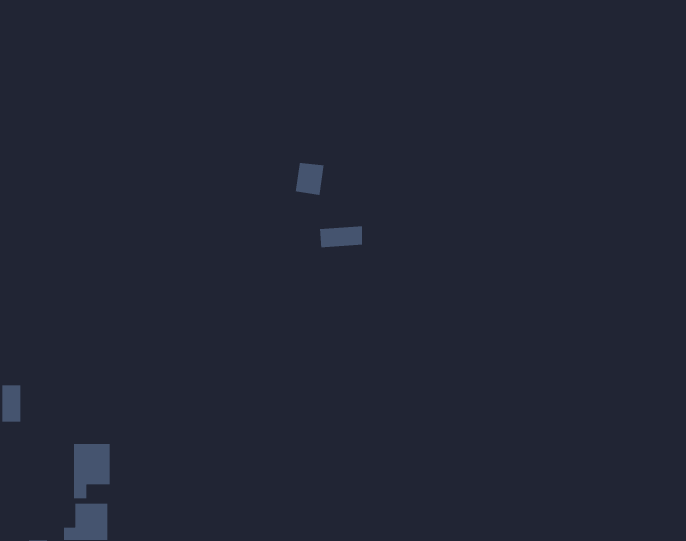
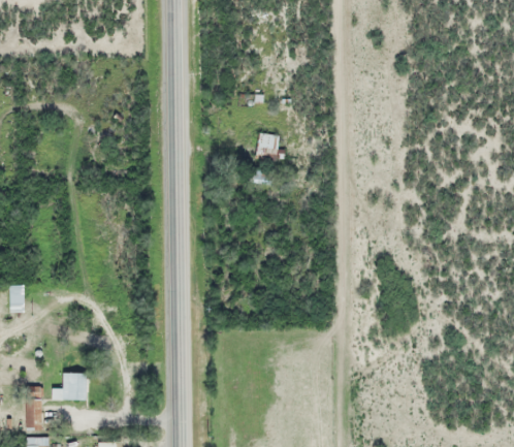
building: [295,162,324,196] -> [257,133,279,158]
building: [73,443,111,499] -> none

